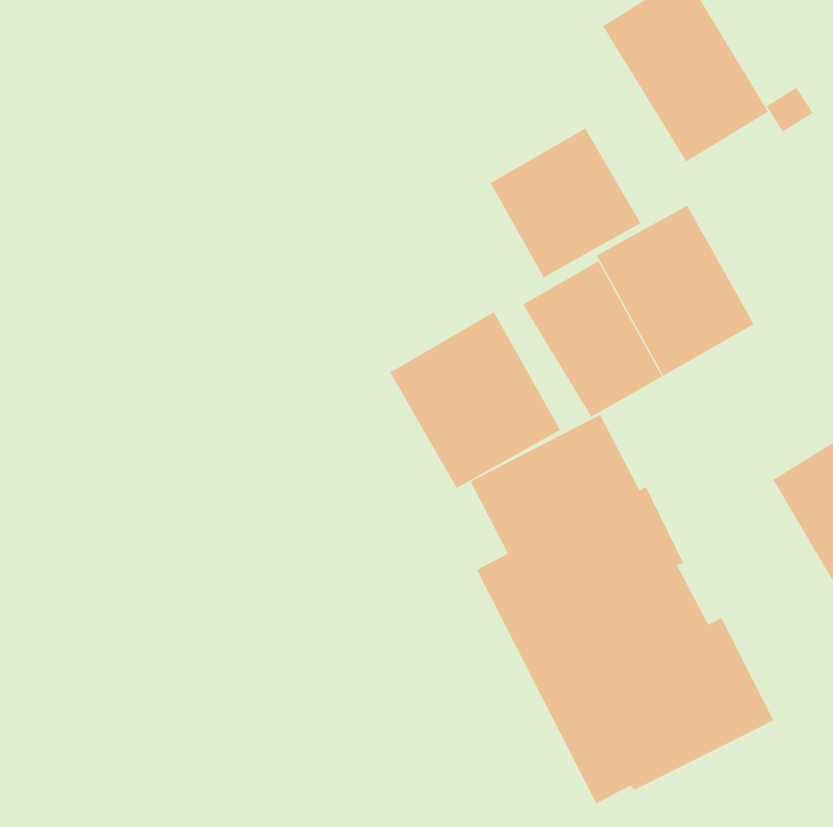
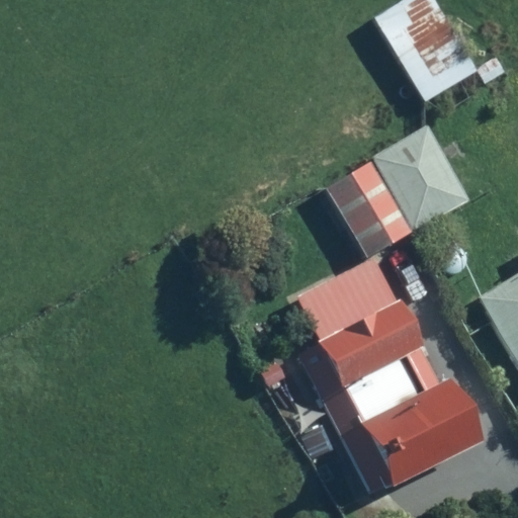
building: [490,128,641,278] -> none
building: [389,311,561,489] -> none

